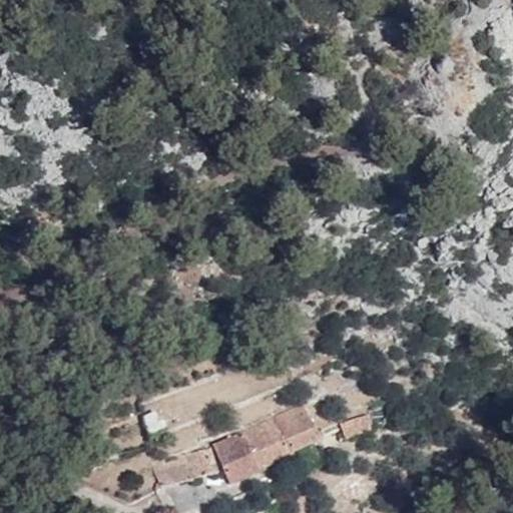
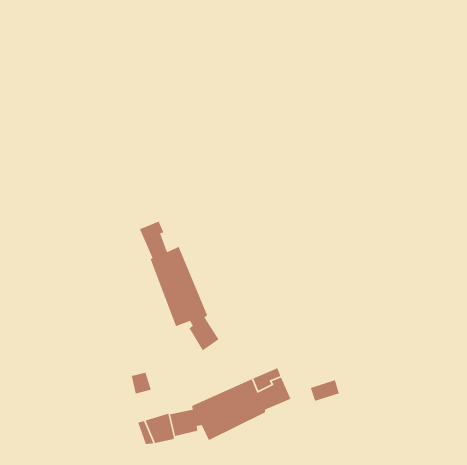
building: none -> [139,220,220,352]

